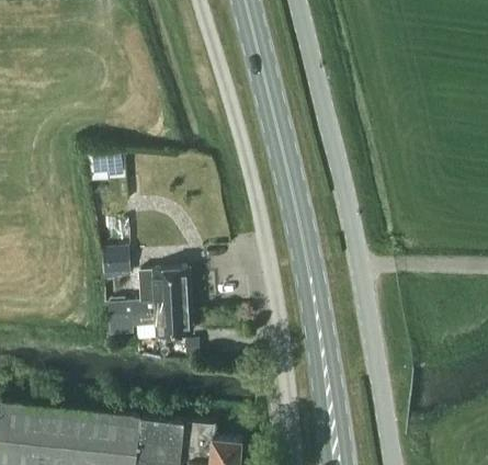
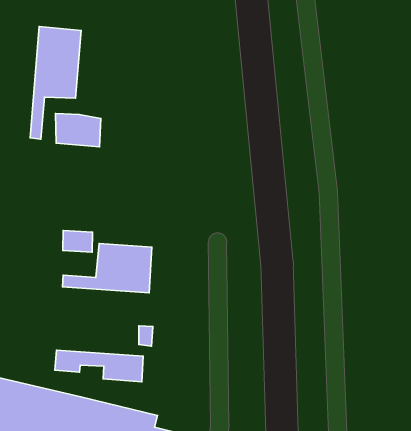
building: none -> [30,27,81,139]
building: [107,311,191,338] -> [55,350,143,382]

